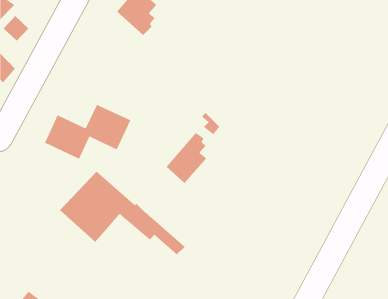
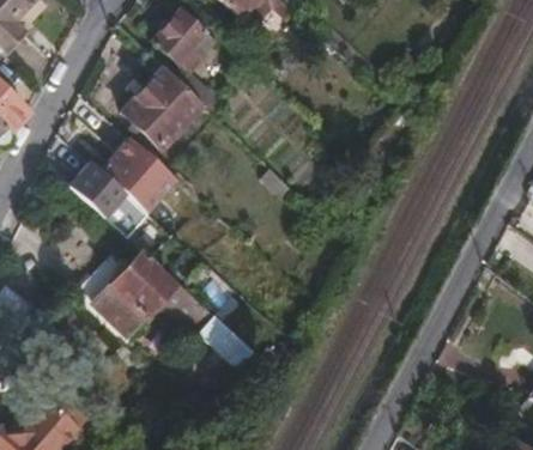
building: none -> [121,65,202,146]
building: [166,132,207,184] -> none

